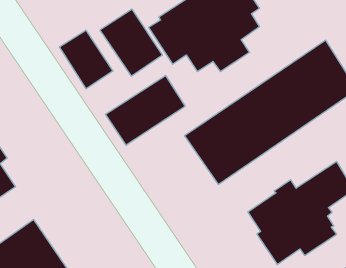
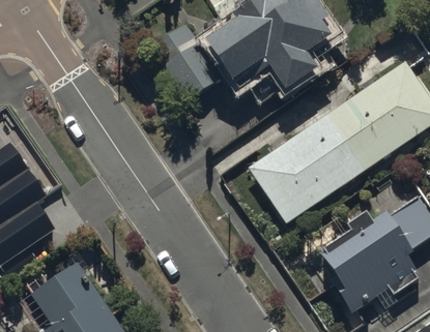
building: [59,30,113,89] -> none
building: [106,75,185,145] -> none

